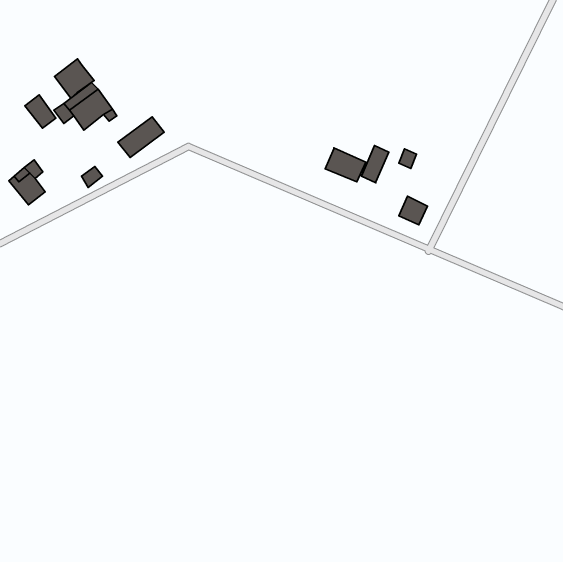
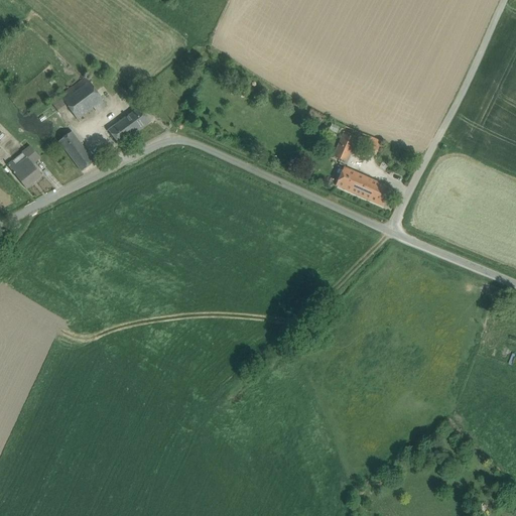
building: [54,59,94,98] -> none
building: [25,95,56,128] -> [58,131,87,161]
building: [325,148,366,182] -> [336,166,373,198]

